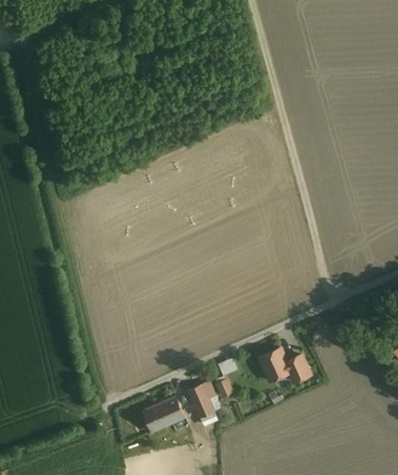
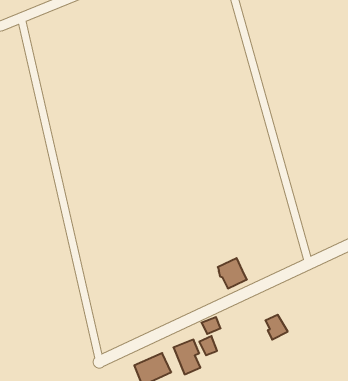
building: [260,348,292,381] -> [218,258,247,288]

